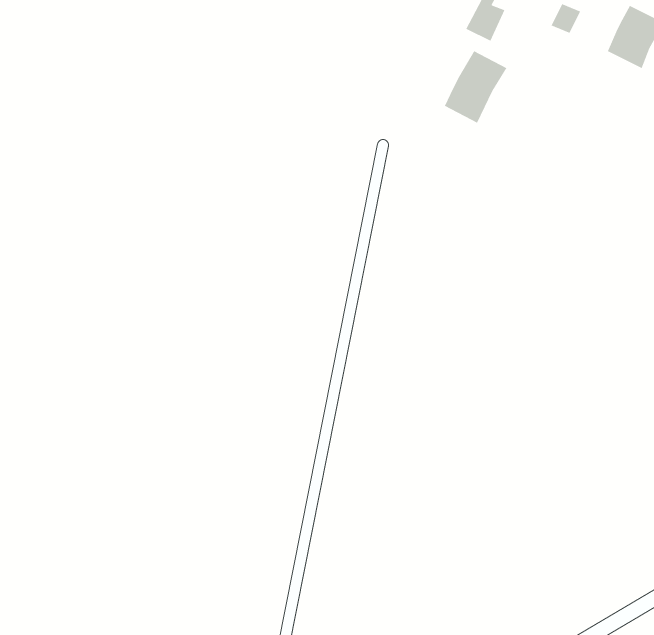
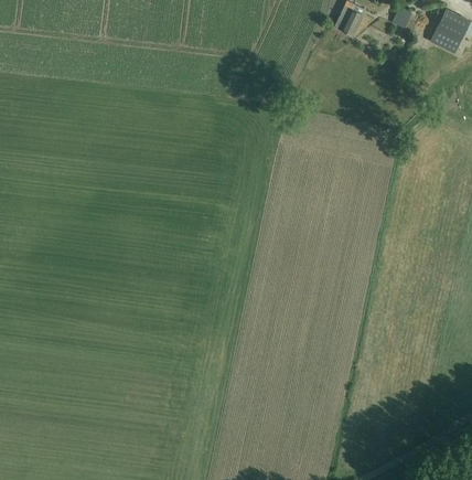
building: [444,50,508,124] -> none

